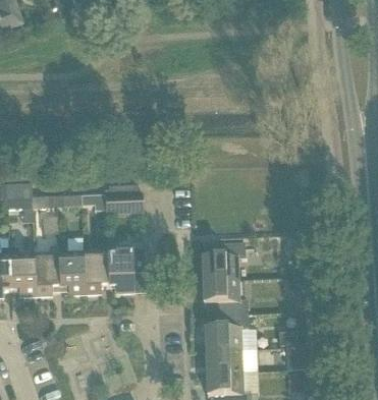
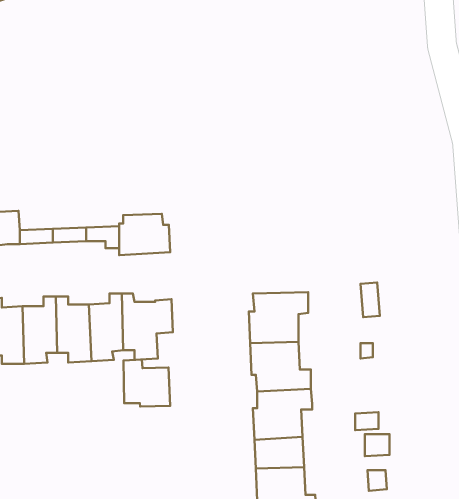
building: none -> [124,359,170,407]

